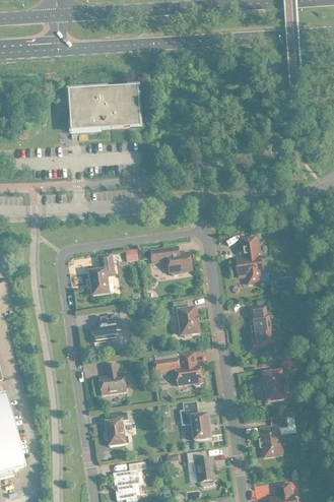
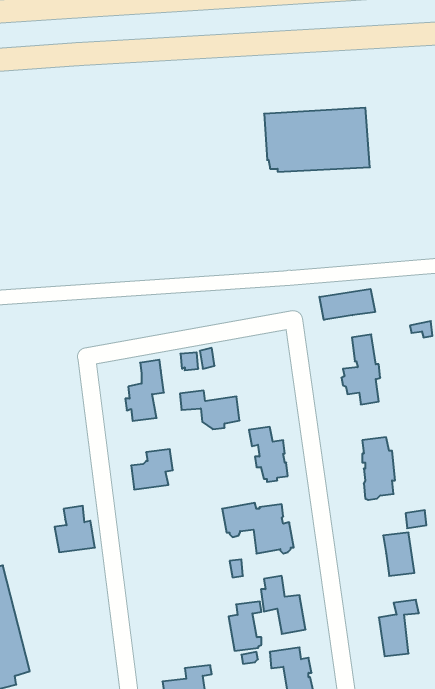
building: [76,84,148,128] -> [264,108,370,172]
building: none -> [319,289,375,320]
building: [151,248,192,274] -> [180,391,240,429]
building: [99,363,127,394] -> [55,506,95,552]
building: [106,412,128,445] -> [229,602,261,651]

